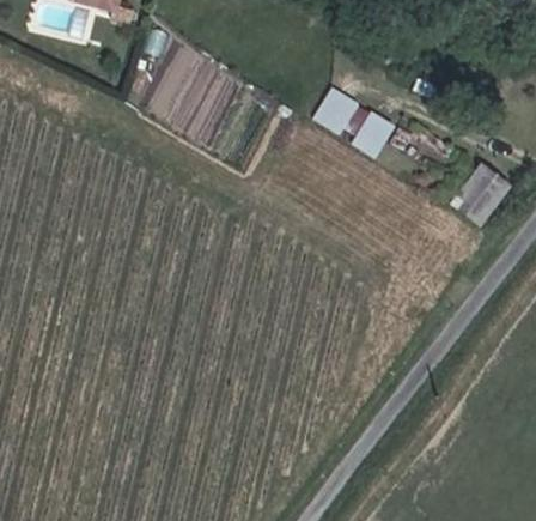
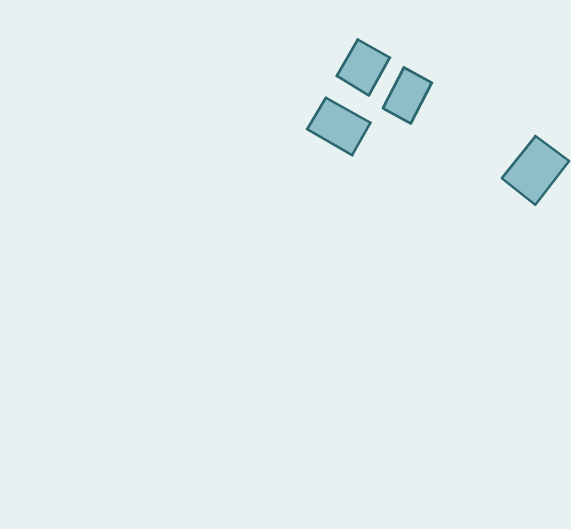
building: none -> [307,98,371,155]

